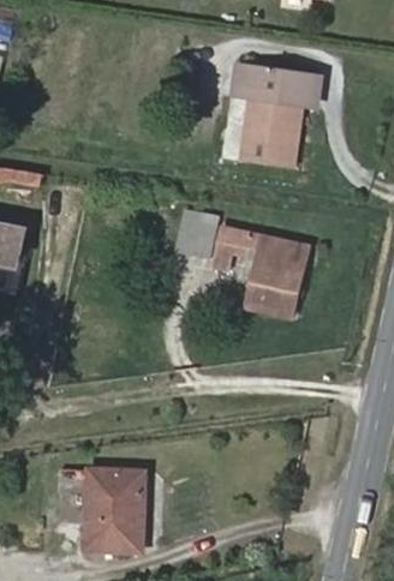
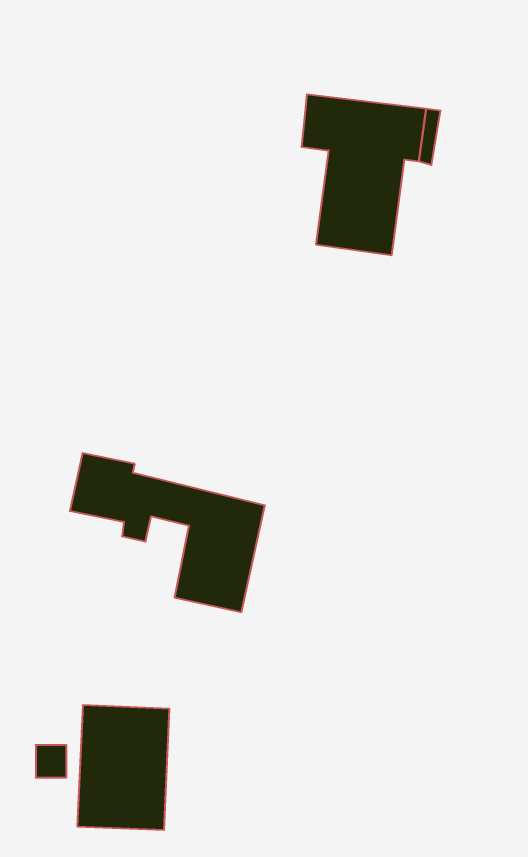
building: [175,212,305,318] -> [70,453,265,612]

